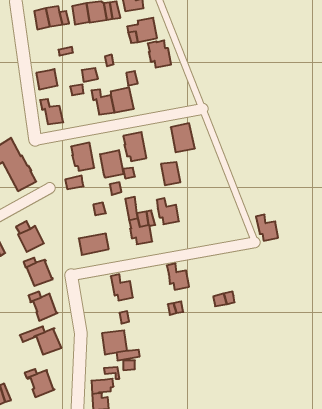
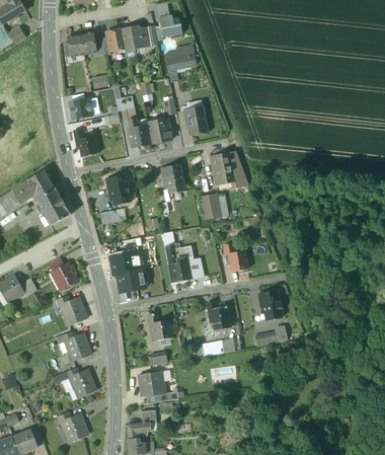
building: [148,40,171,68] -> [183,106,208,135]
building: [100,150,123,178] -> none
building: [157,198,179,224] -> [225,243,248,271]
building: [256,215,278,241] -> [258,292,282,319]

